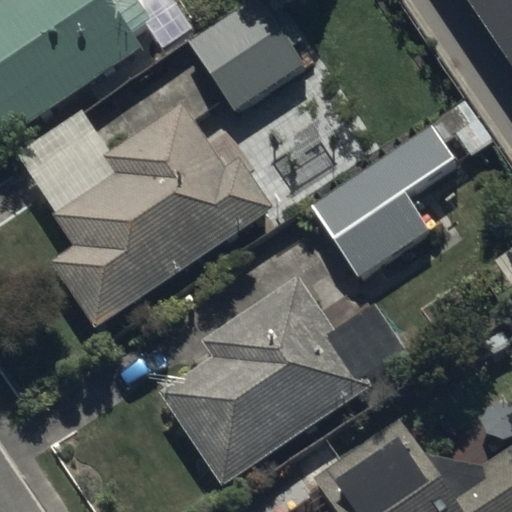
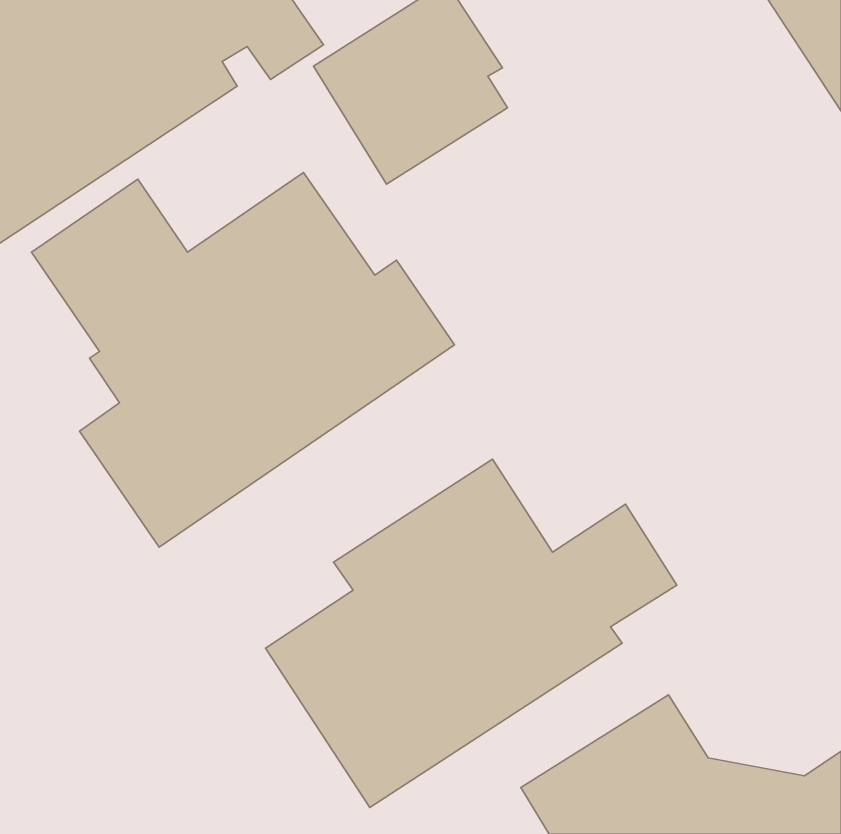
building: [310,123,458,278] -> none

